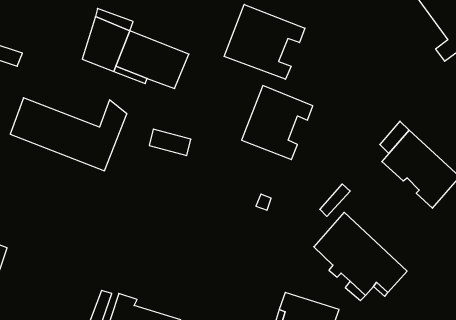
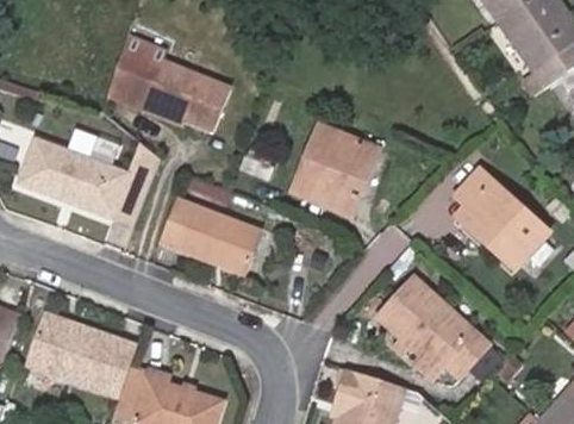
building: [224,4,305,79] -> none
building: none -> [158,199,262,274]
building: none -> [30,317,131,393]

